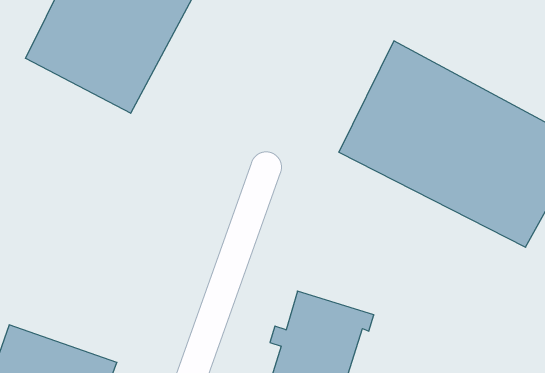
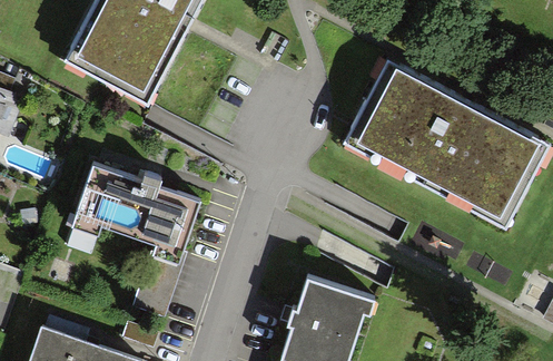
building: none -> [70,153,208,264]

